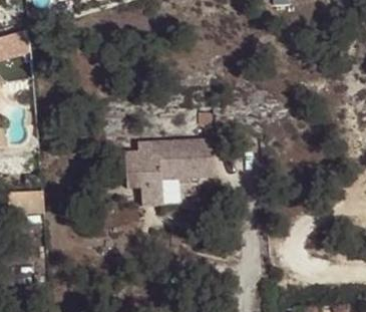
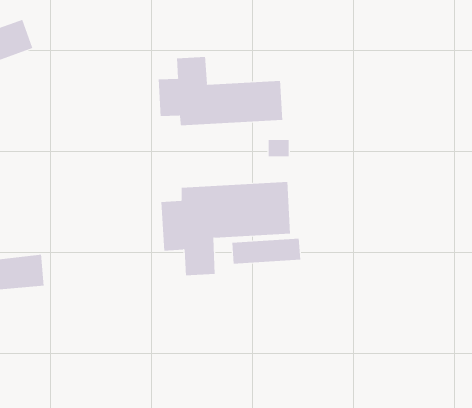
building: none -> [158,56,283,126]

